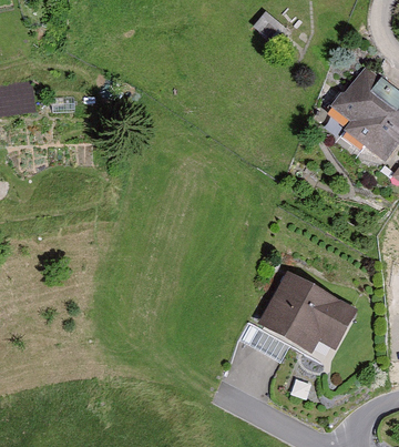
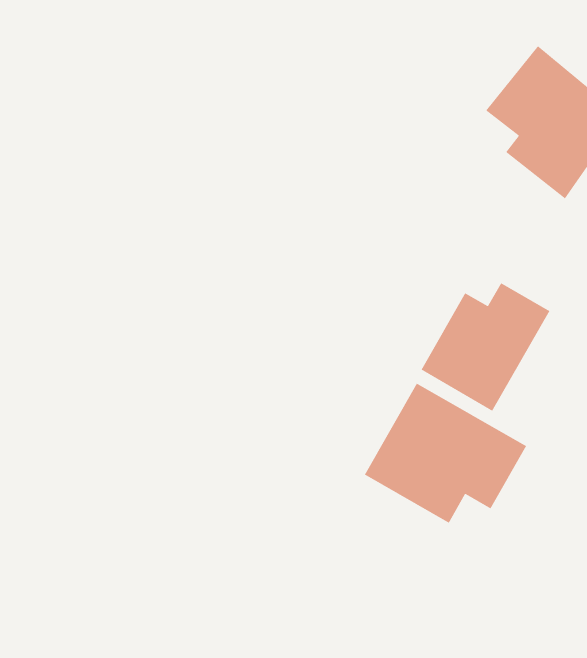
building: none -> [420,282,550,412]

